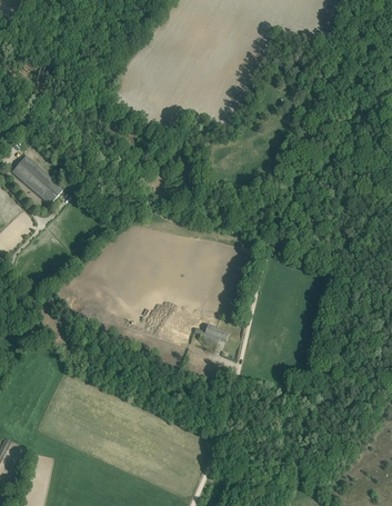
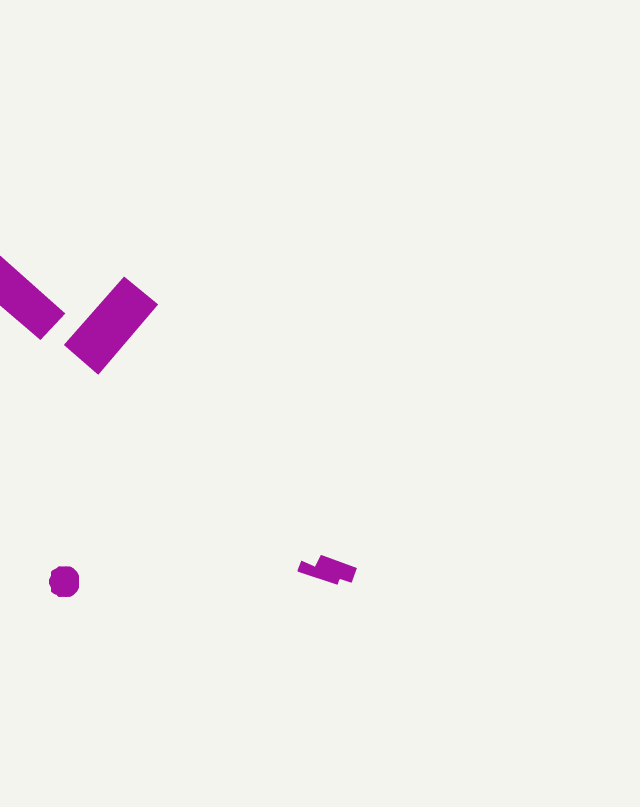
building: none -> [63,276,159,376]

